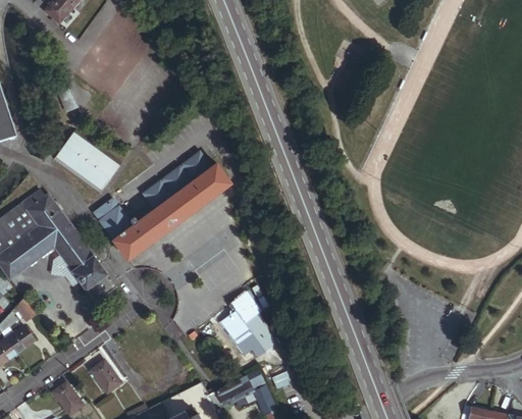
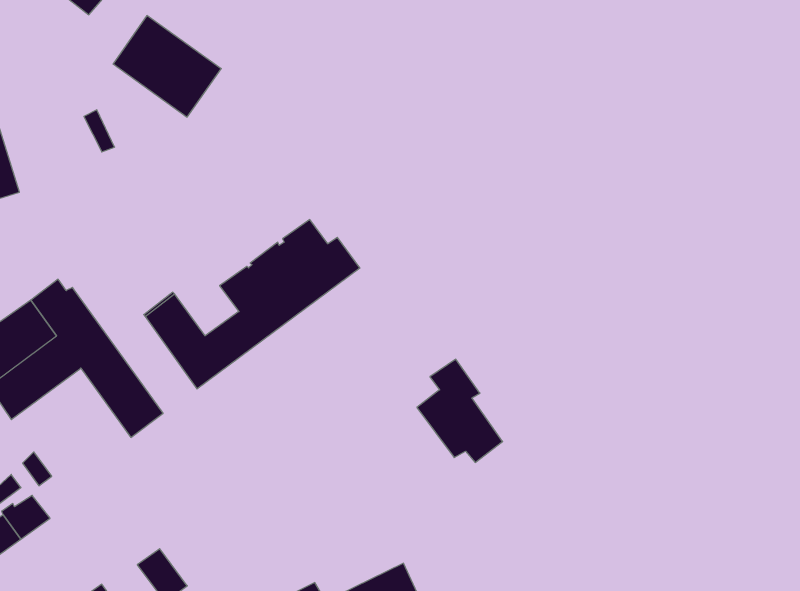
building: [52,126,120,191] -> [113,16,221,117]
building: [220,293,274,358] -> [417,359,503,462]

